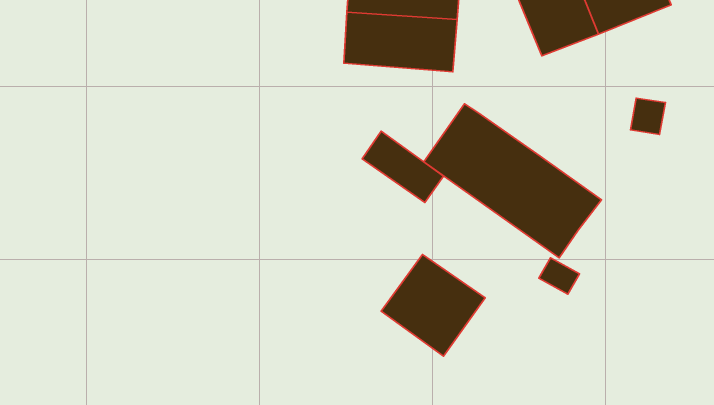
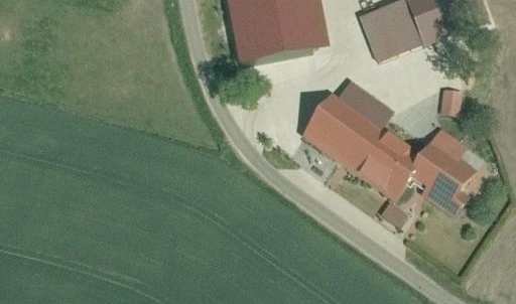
building: [362,131,444,202] -> [335,79,391,128]
building: none -> [404,126,476,214]
building: [381,254,485,356] -> none

